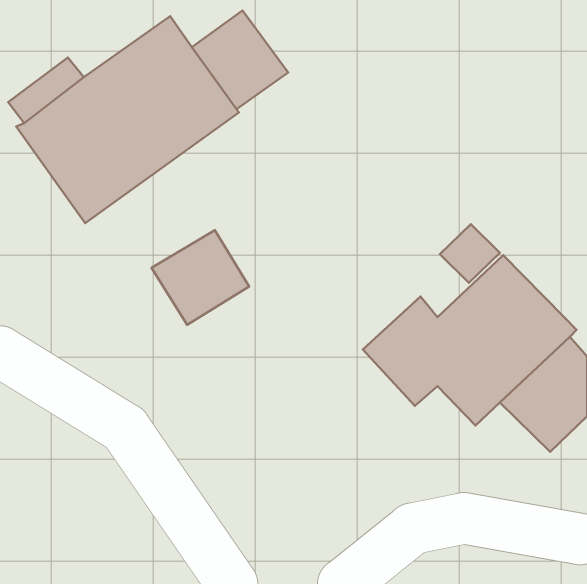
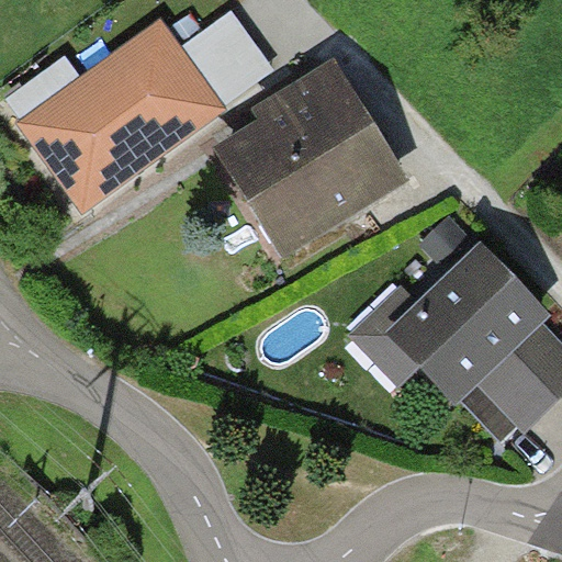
building: none -> [212,58,411,260]
building: [152,230,249,325] -> none

